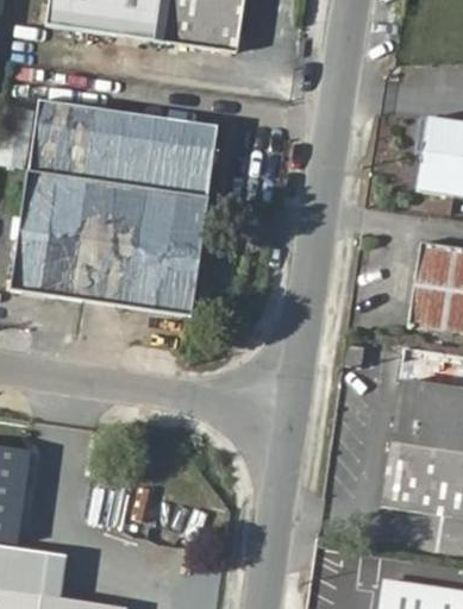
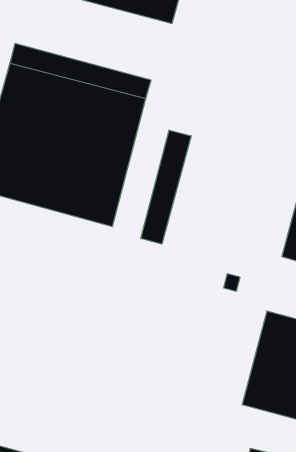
building: none -> [141,130,191,244]

